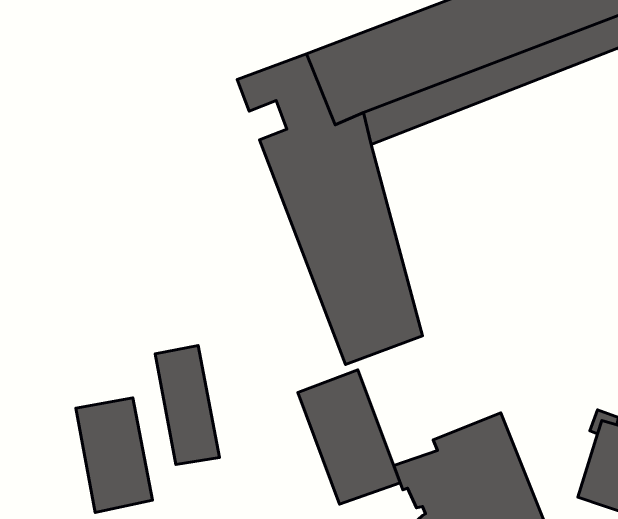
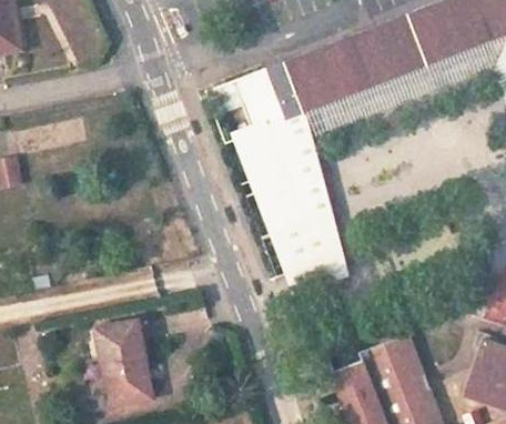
building: [155,346,219,465] -> none
building: [298,370,400,504] -> none

